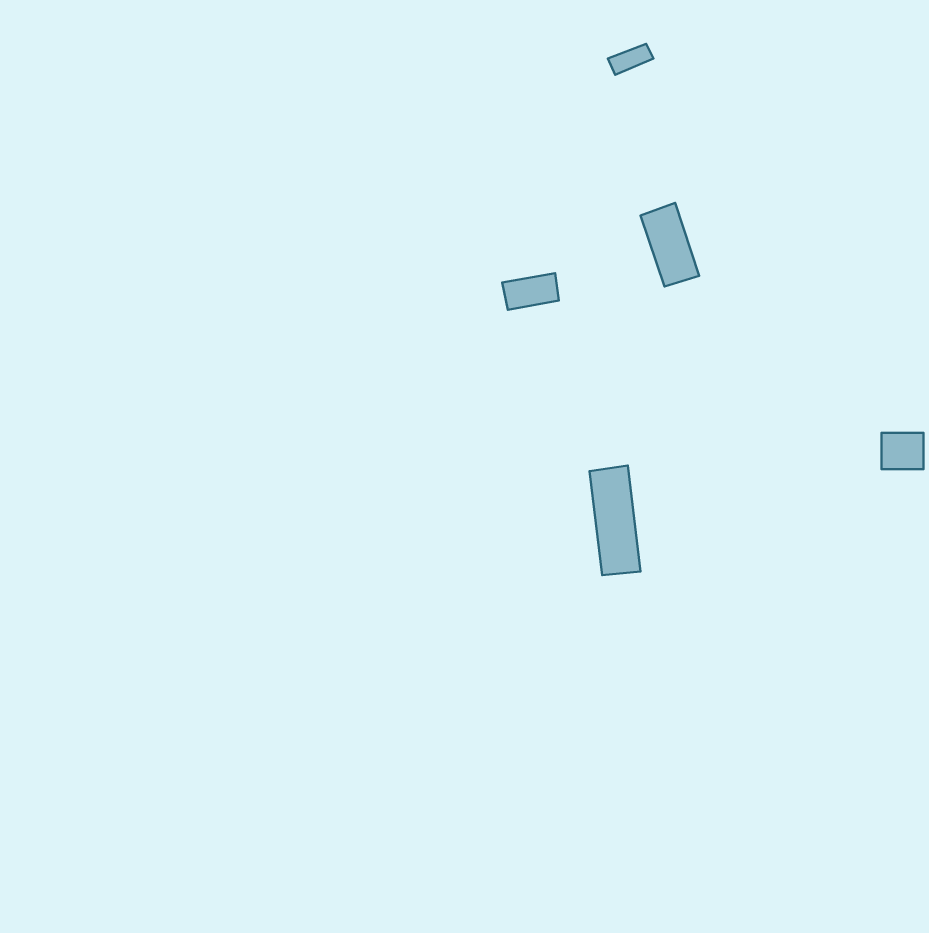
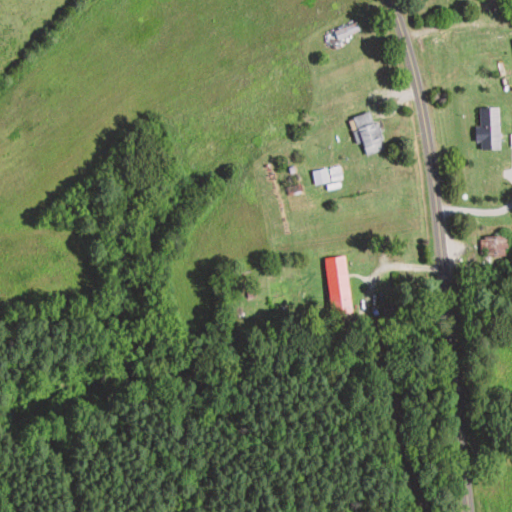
building: none -> [479,107,500,150]
building: [502,273,559,310] -> [313,166,344,186]

